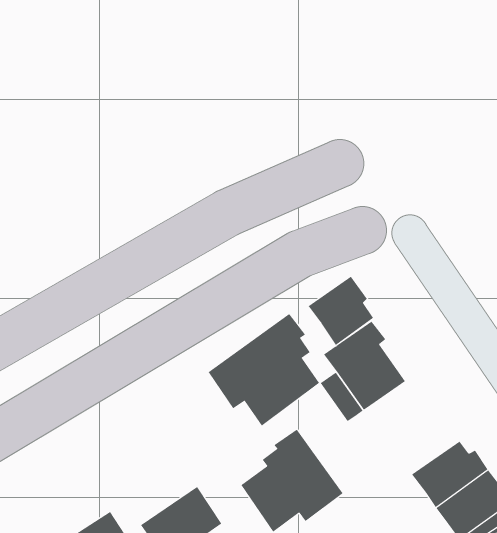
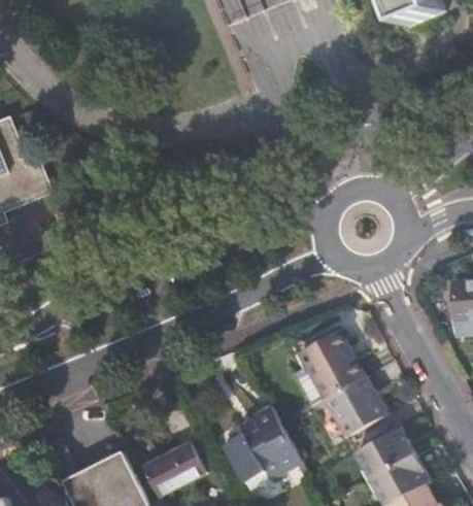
building: [308,276,374,346] -> none
building: [208,313,320,427] -> none
building: none -> [330,376,384,434]

